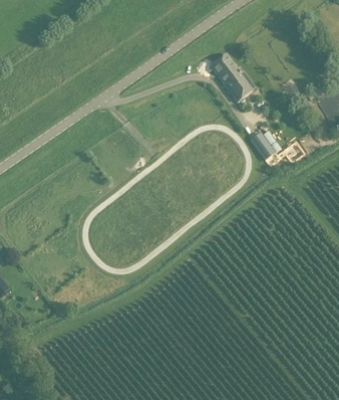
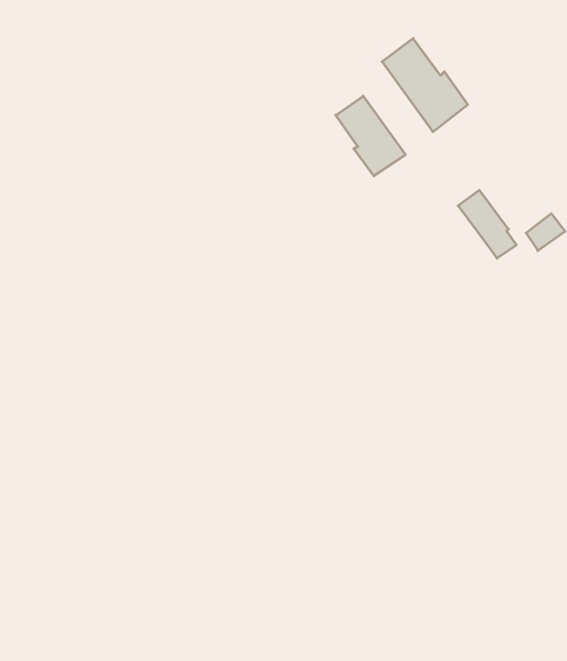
building: none -> [336,96,405,176]

